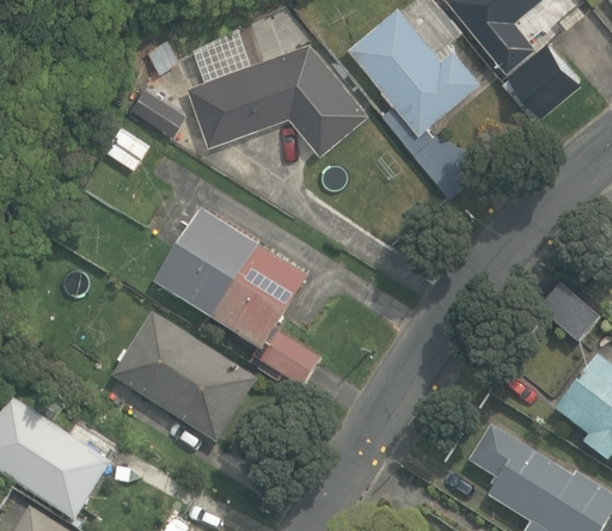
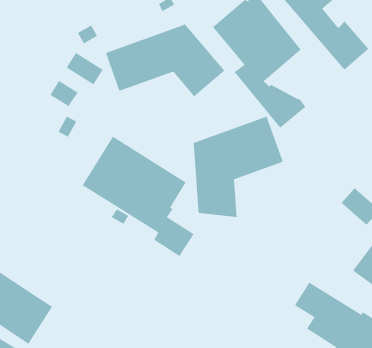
building: none -> [193,116,284,218]
building: [112,313,257,442] -> none

